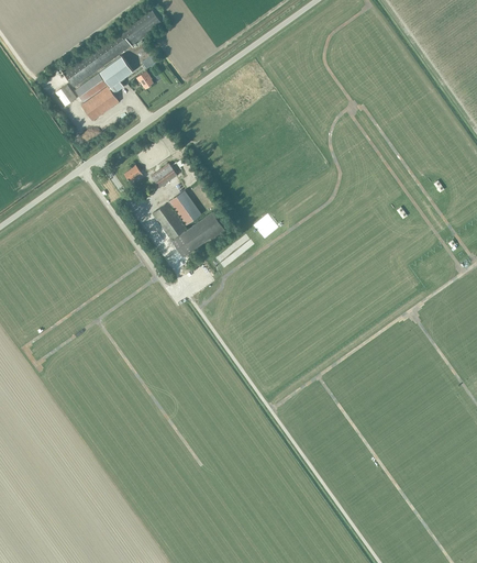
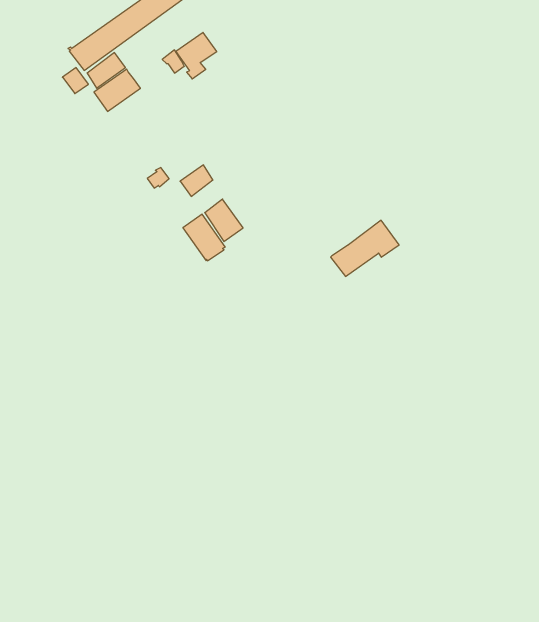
building: [100,57,133,95] -> [176,32,217,79]
building: [171,212,226,257] -> [331,220,399,276]

